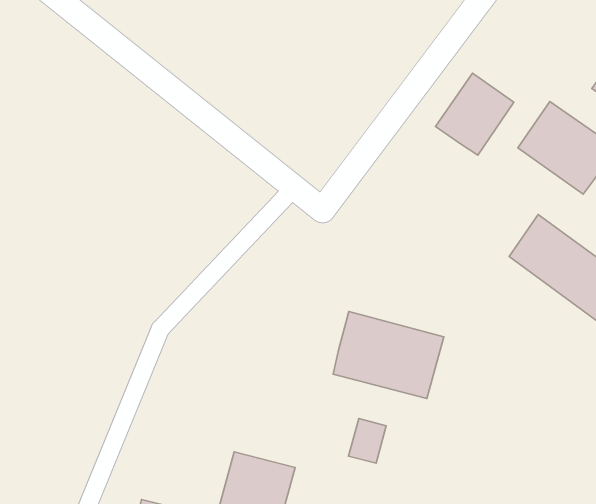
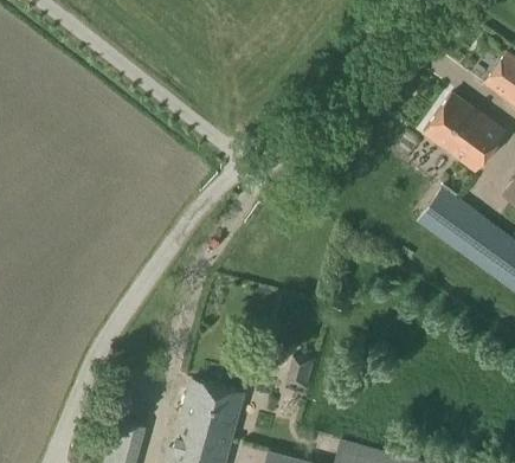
building: [435,73,514,155] -> none
building: [333,311,444,399] -> none

